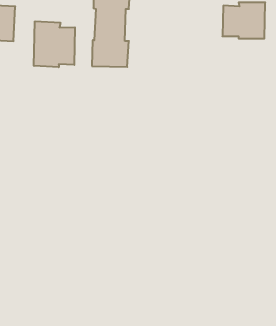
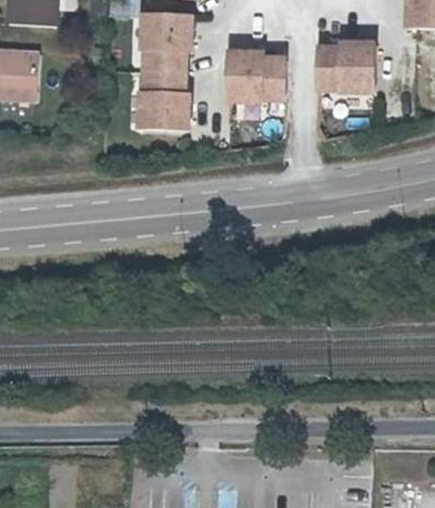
building: none -> [227,53,285,103]
building: [34,21,75,67] -> none

